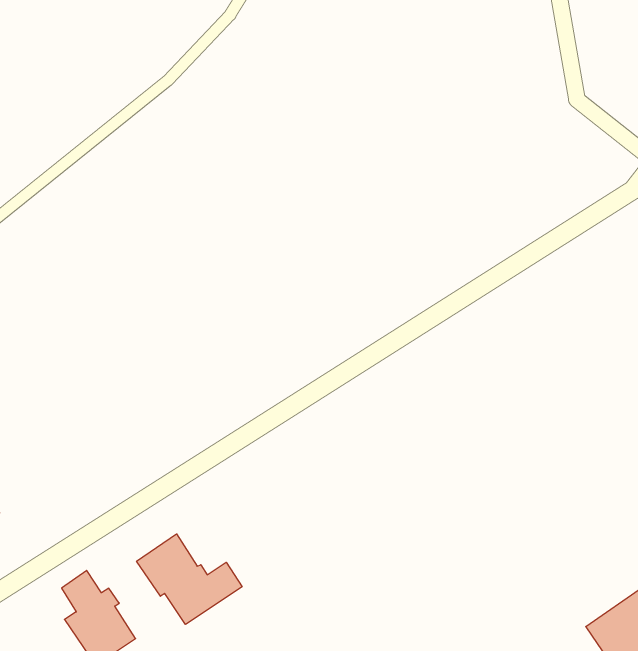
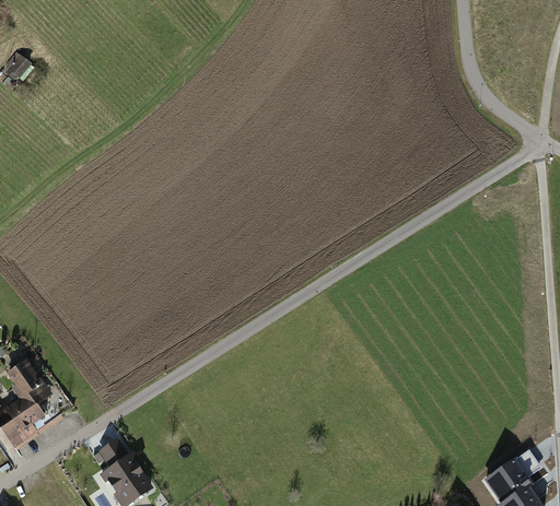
building: [137,534,242,624] -> none

